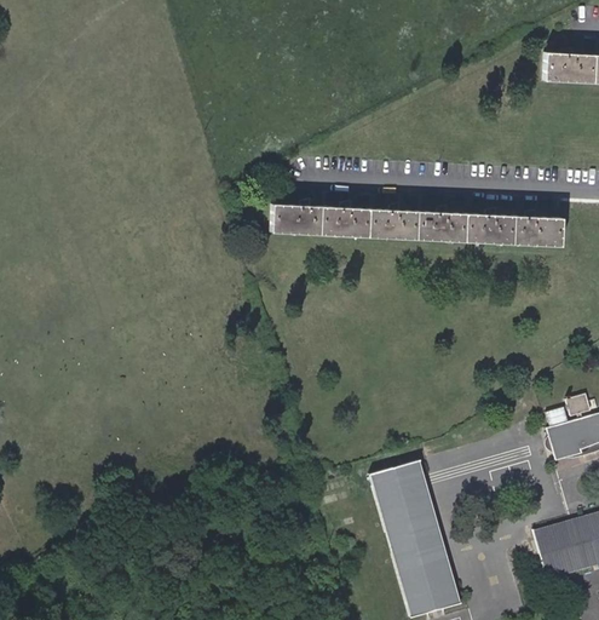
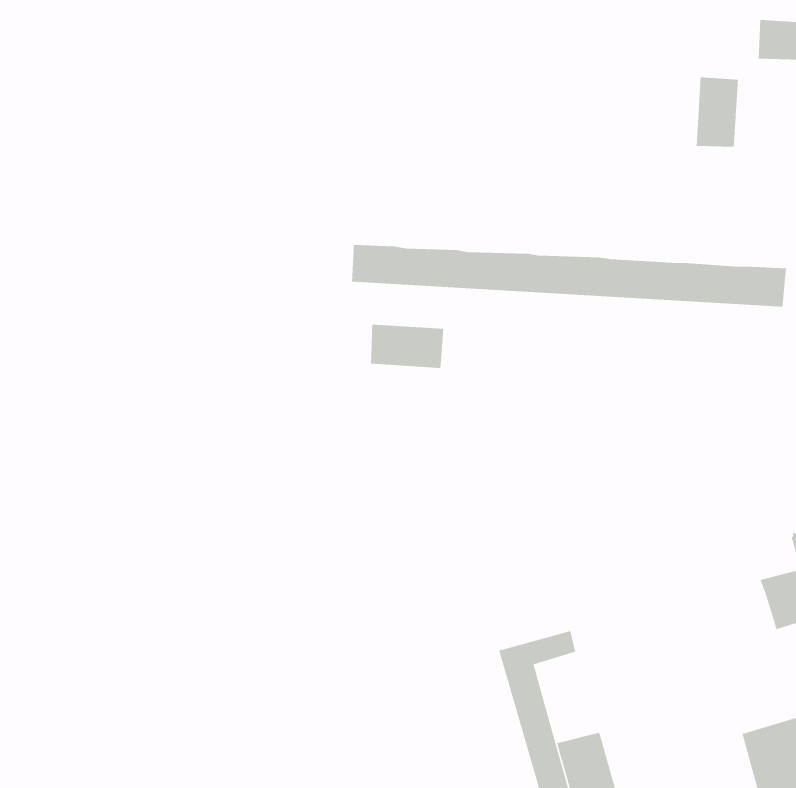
building: none -> [696,77,739,148]
building: none -> [370,324,444,369]
building: [396,476,439,536] -> none

